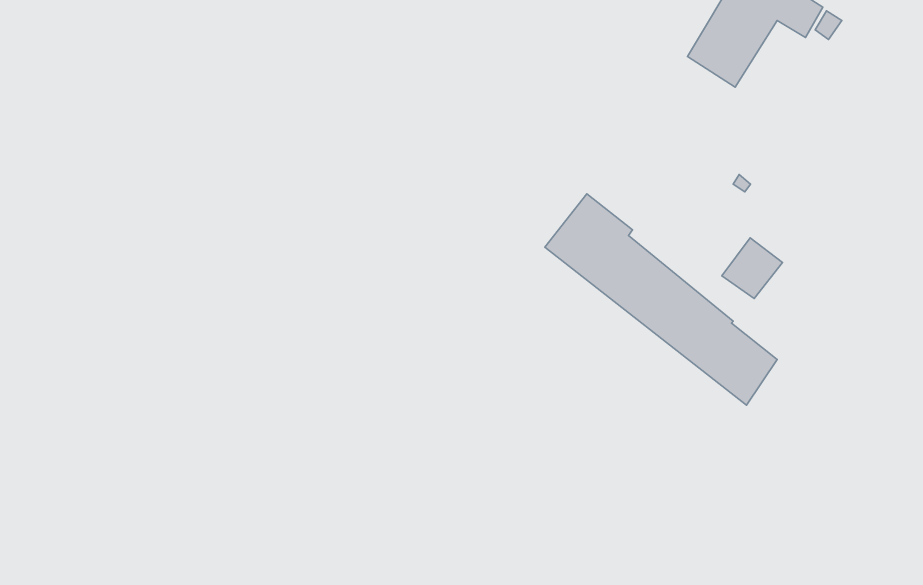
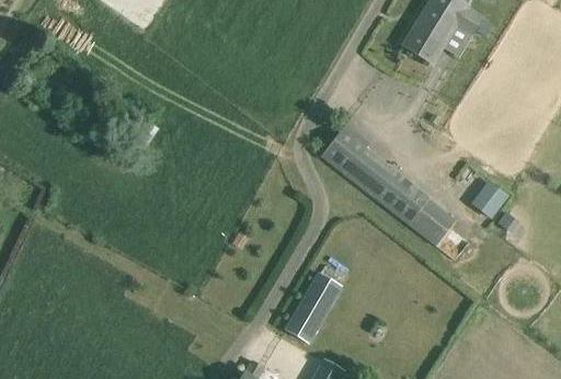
building: [722,238,783,299] -> [472,182,507,217]
building: none -> [285,273,341,342]

